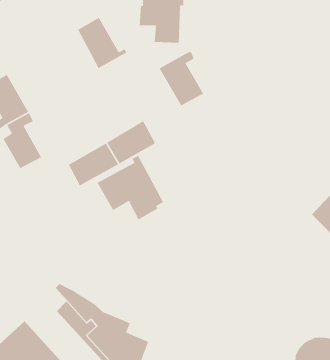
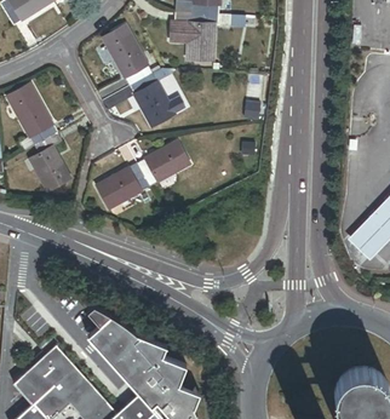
building: [159,51,204,107] -> [130,69,177,127]
building: [97,155,164,221] -> none

